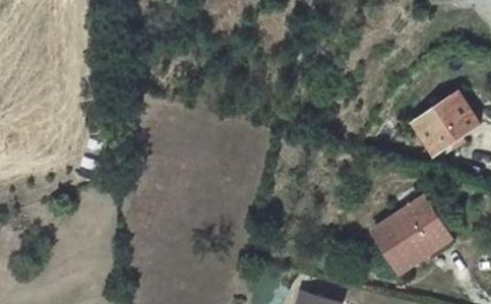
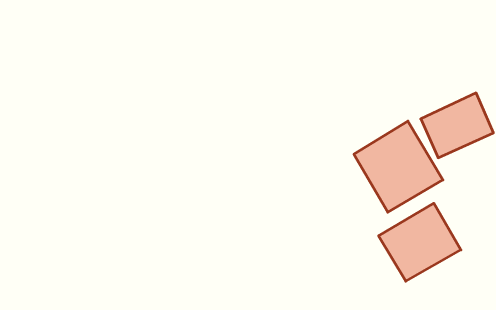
building: none -> [354,121,443,212]

